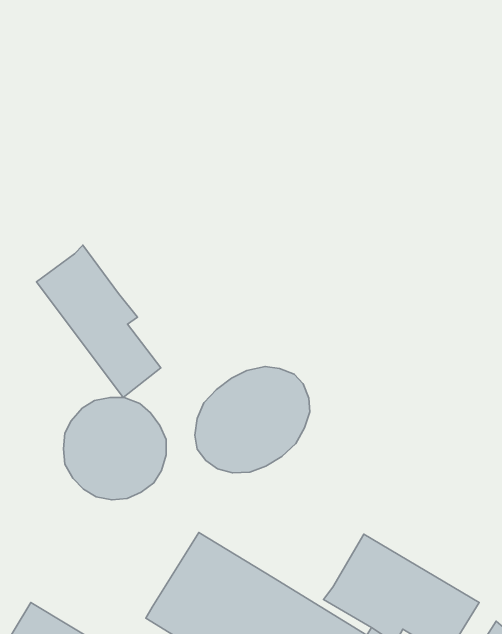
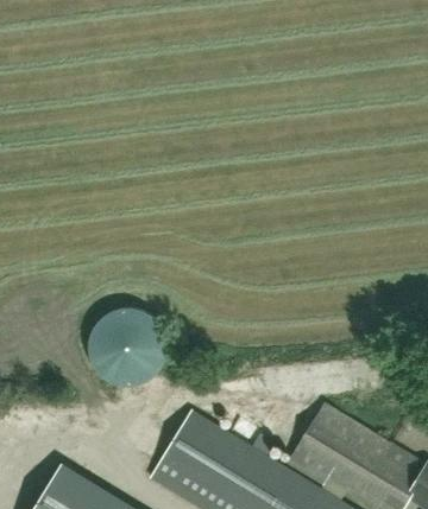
building: [36,245,161,397] -> none
building: [195,366,310,473] -> none

